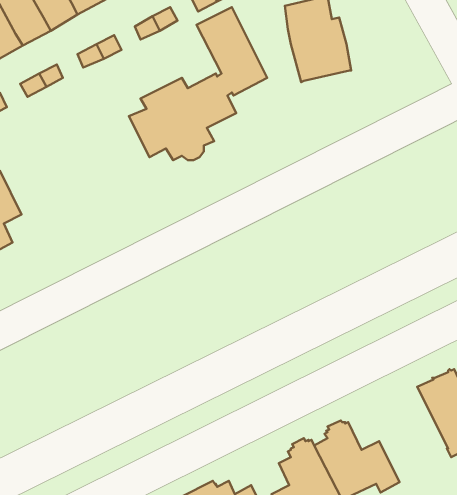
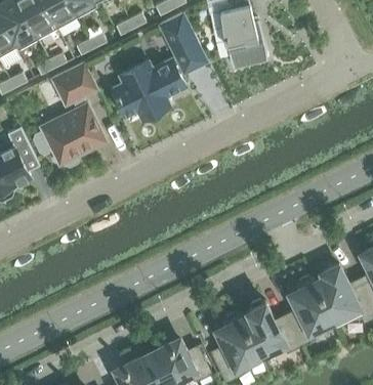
building: none -> [33,62,106,168]
building: none -> [285,276,333,344]

